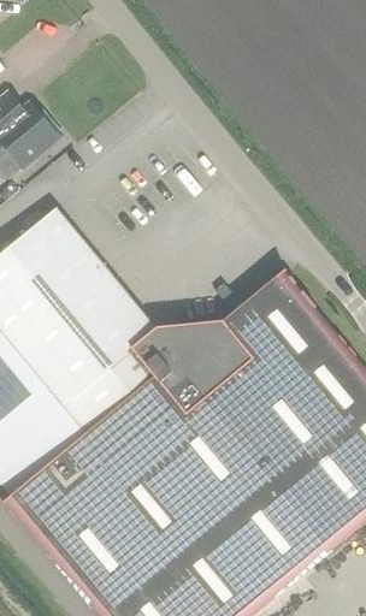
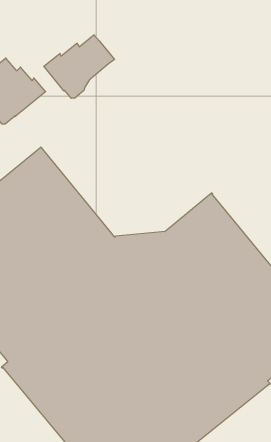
building: none -> [44,35,114,98]

